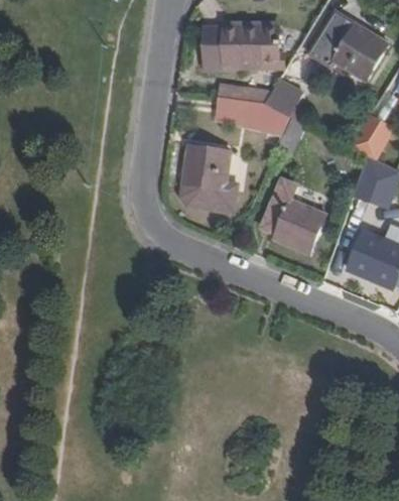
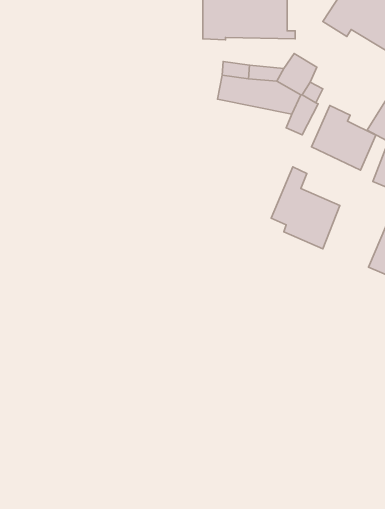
building: none -> [311,106,376,170]
building: [182,144,233,203] -> none

